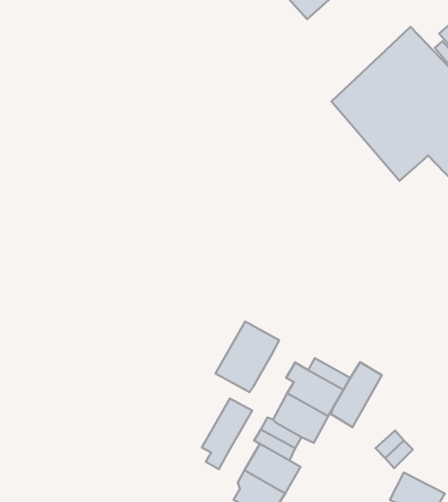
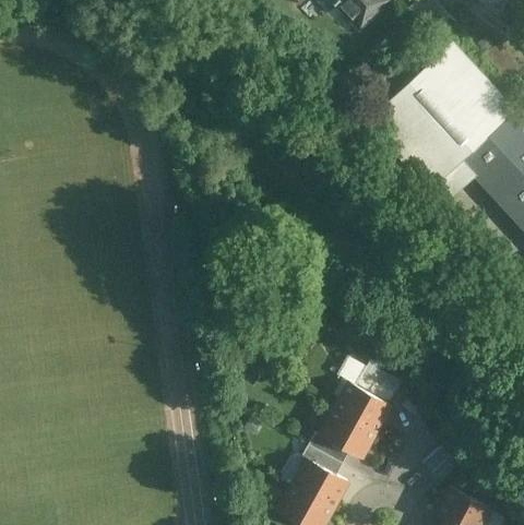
building: [216,321,279,392] -> none
building: [331,362,382,427] -> none
building: [202,398,252,469] -> none

